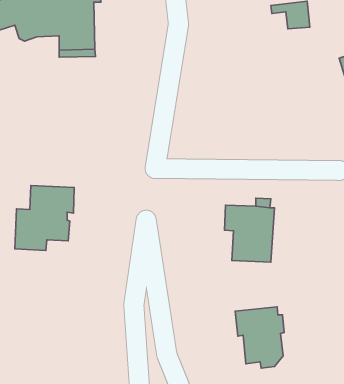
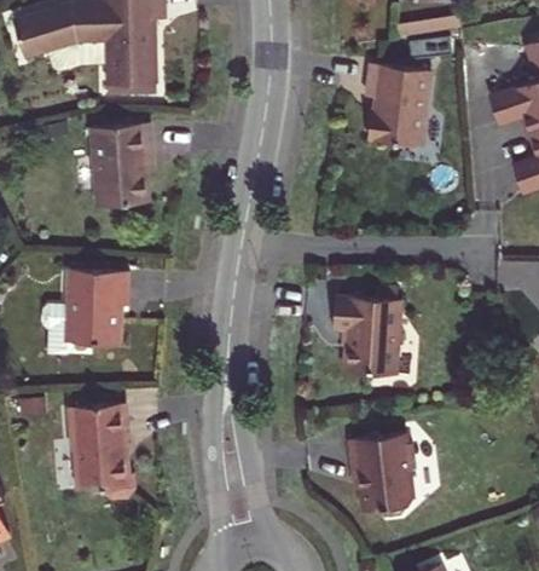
building: none -> [366,63,430,144]
building: none -> [92,122,152,206]
building: none -> [70,402,132,498]

